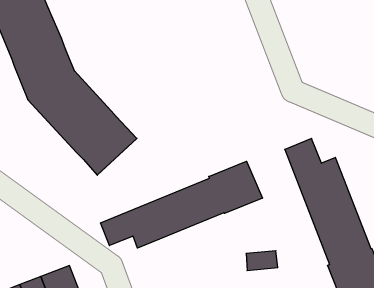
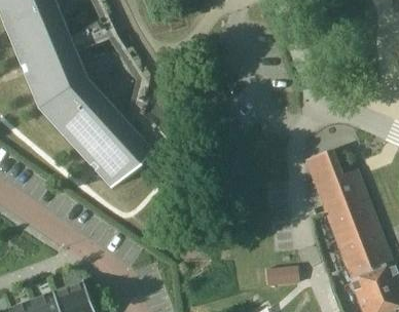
building: [101,161,262,248] -> none

